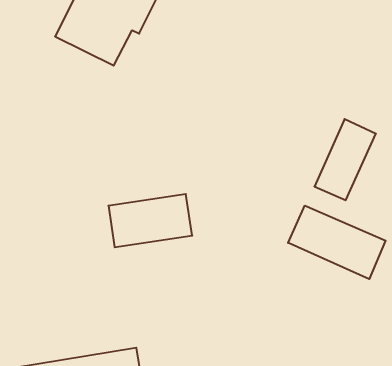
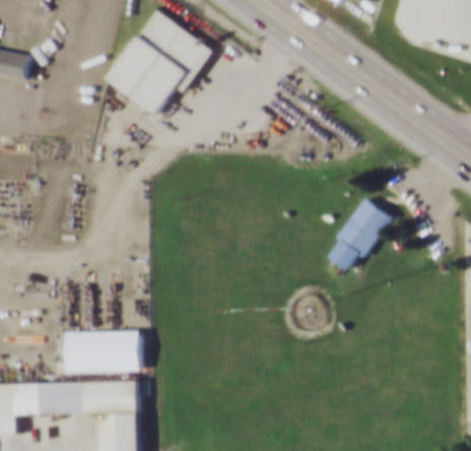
building: [108,194,192,247] -> [66,332,140,372]
building: [288,206,386,279] -> none

